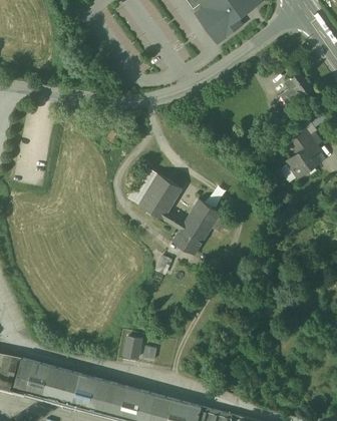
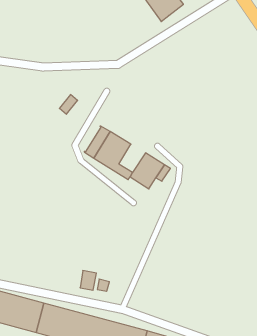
building: [278,68,316,107] -> none
building: [279,122,317,175] -> none
building: [173,226,204,254] -> none

